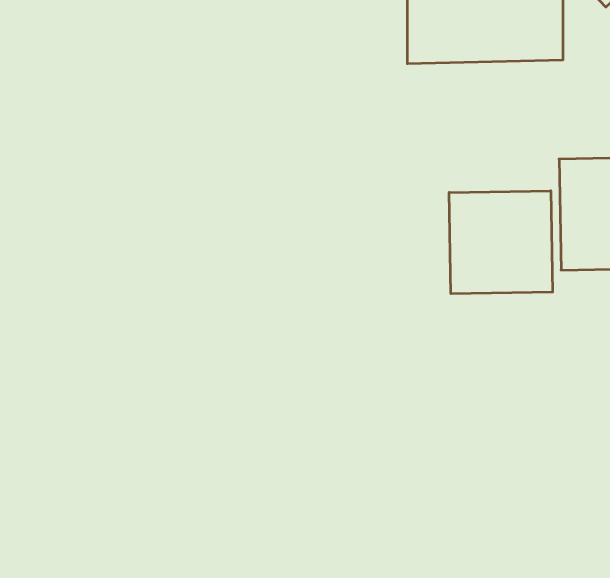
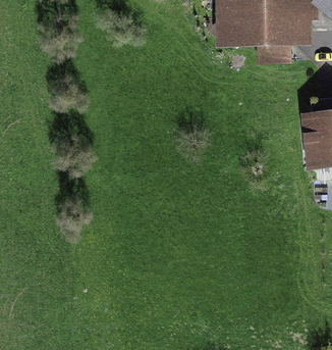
building: [449,191,553,294] -> none

